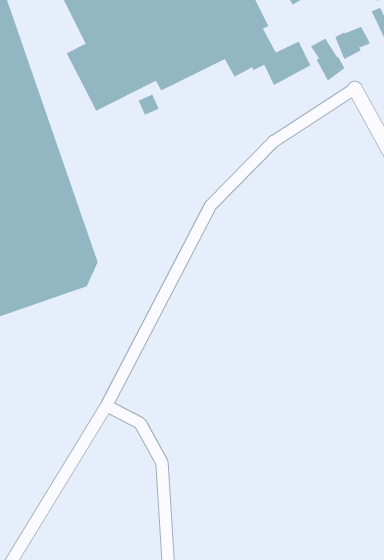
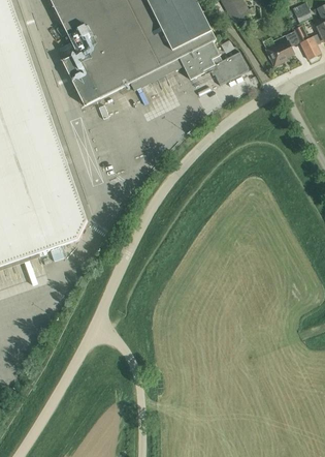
building: [310,38,345,82] -> none

